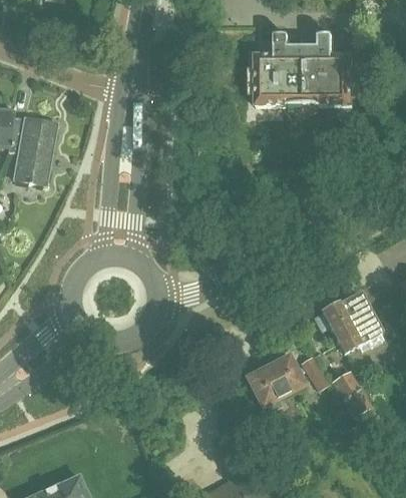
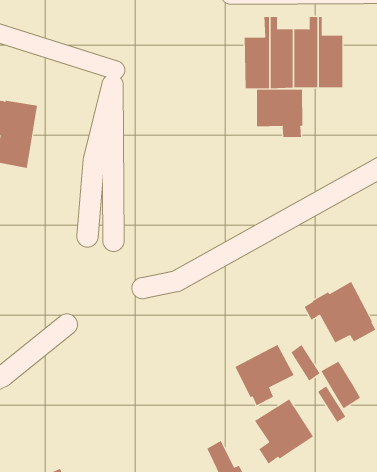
building: none -> [256,89,303,138]
building: none -> [254,398,314,465]

